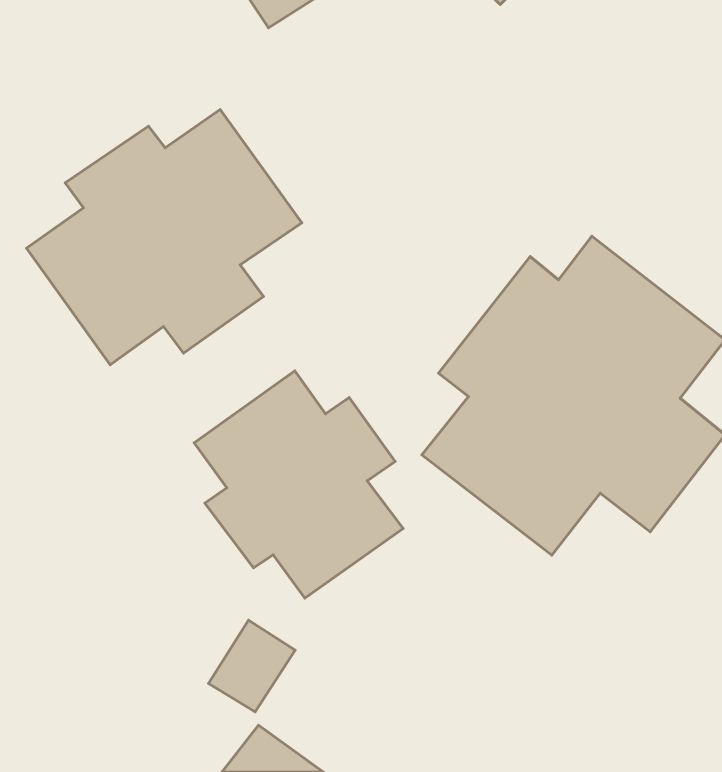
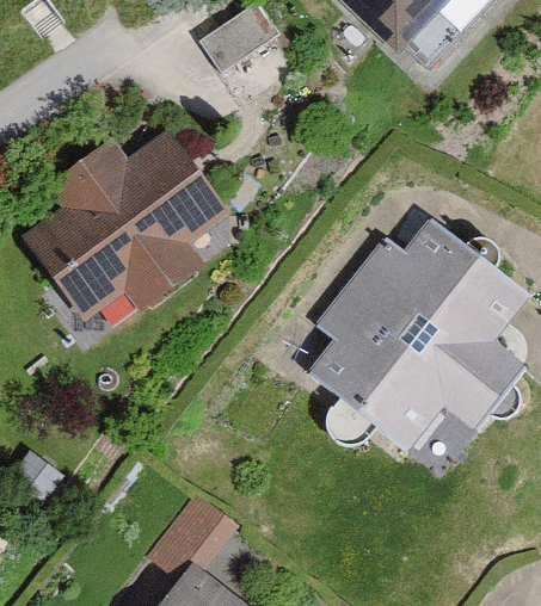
building: [194,371,403,598] -> none

